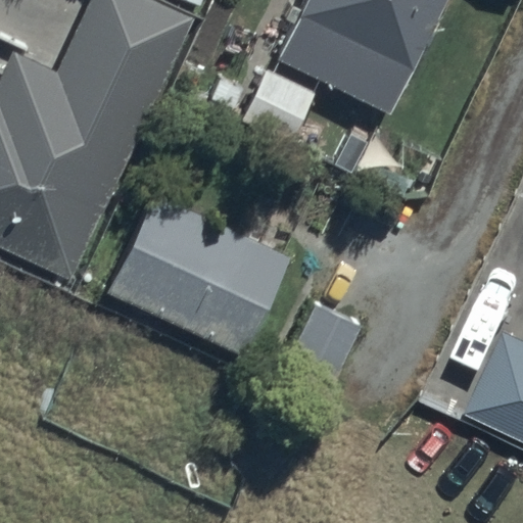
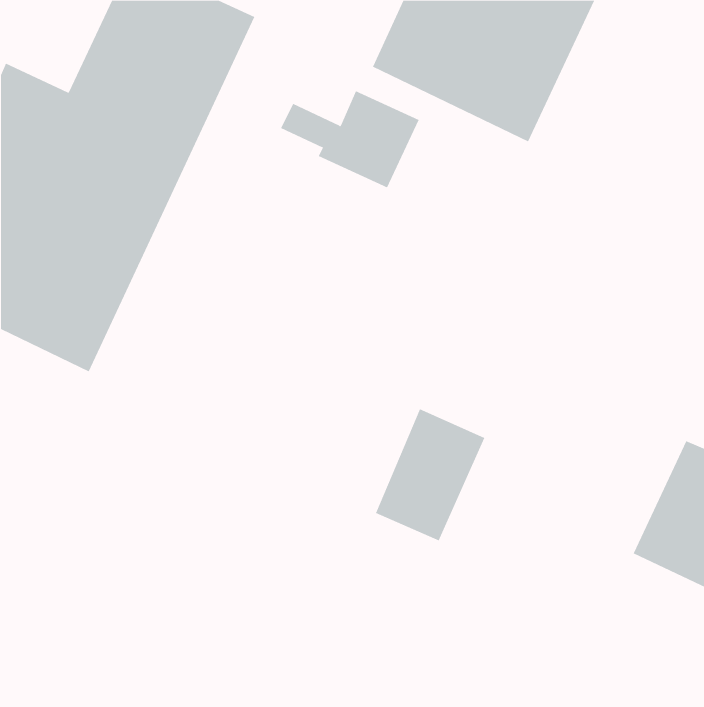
building: [104,193,288,352] -> none

